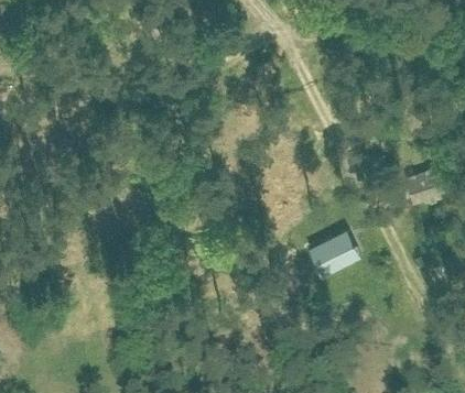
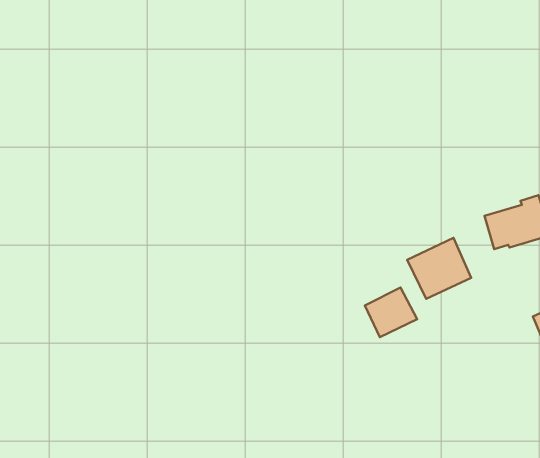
building: none -> [407,238,471,299]

